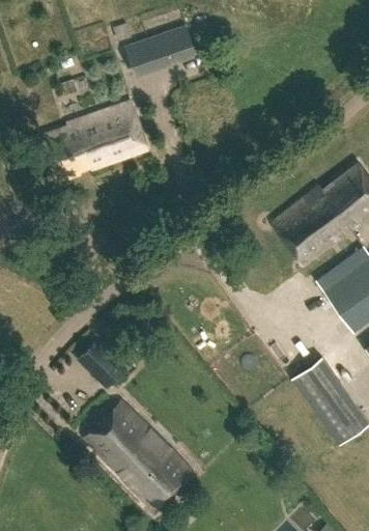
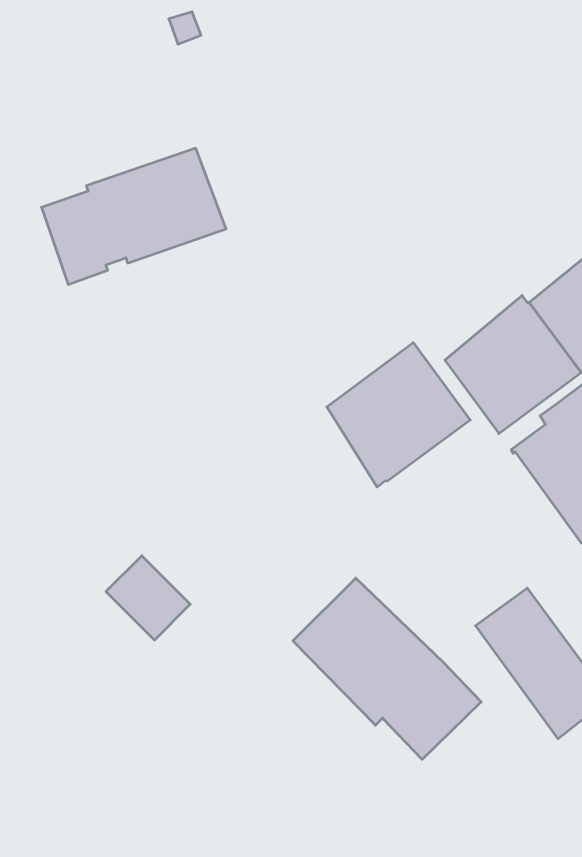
building: [124,25,197,78] -> none
building: none -> [327,343,470,487]
building: [85,401,194,506] -> [293,578,481,759]

